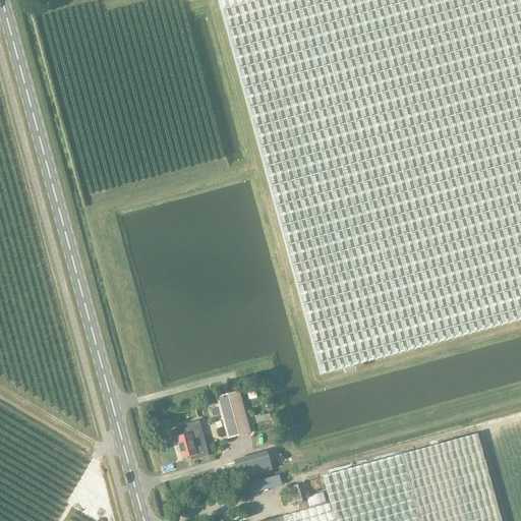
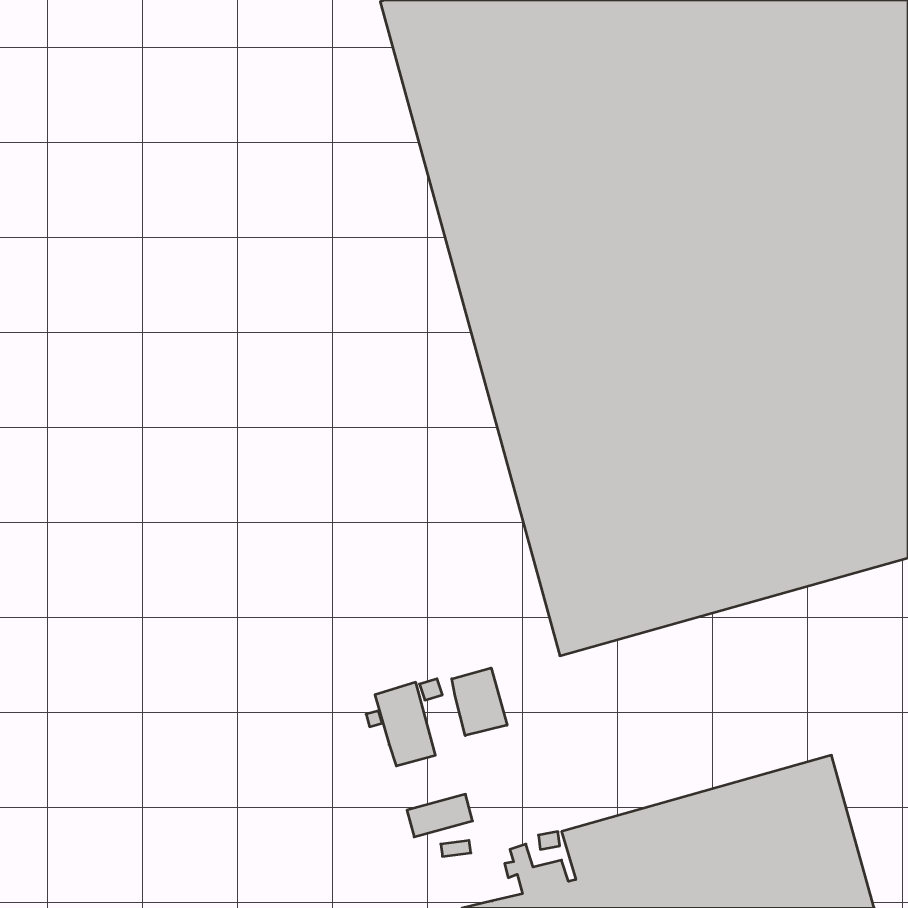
building: none -> [452,668,507,736]
building: [171,420,208,461] -> none

